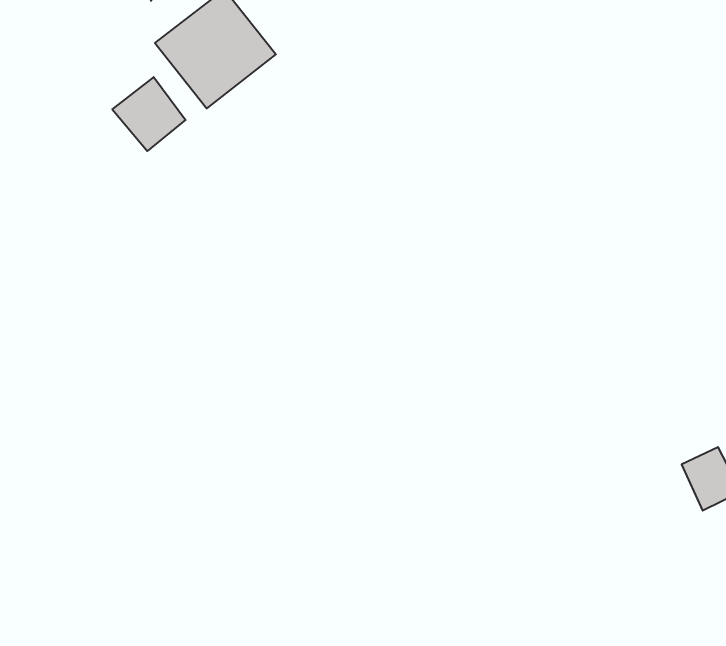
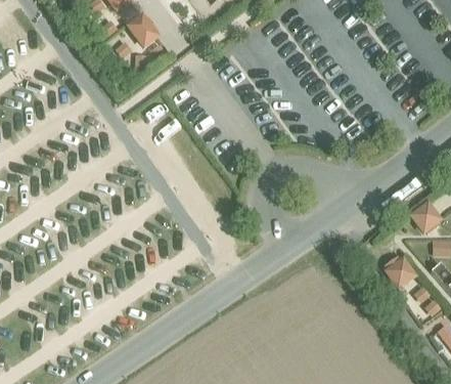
building: [112,77,186,151] -> none

